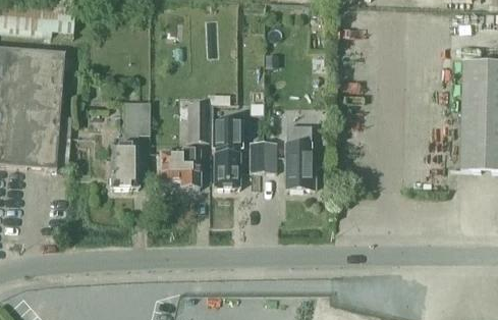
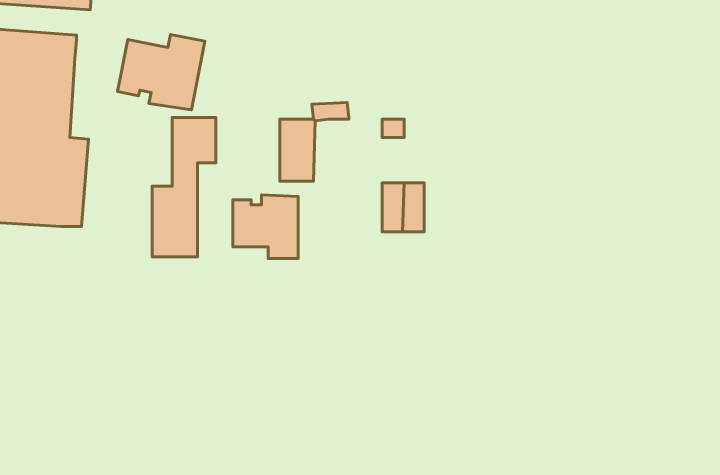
building: none -> [118,34,205,110]
building: [211,118,239,186] -> none
building: [284,124,314,186] -> none

